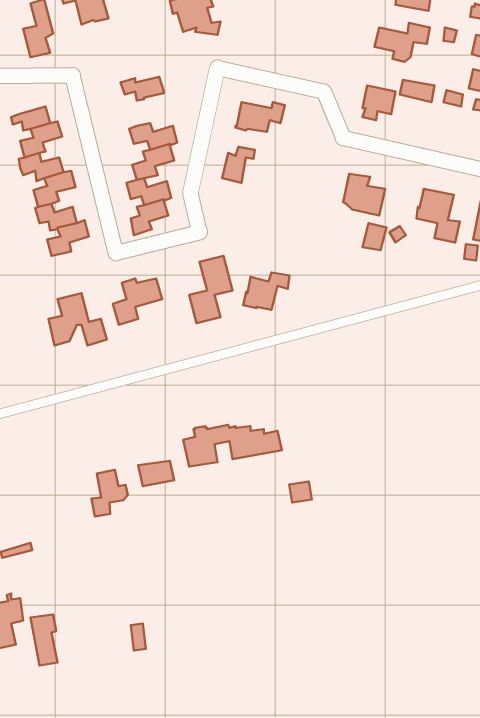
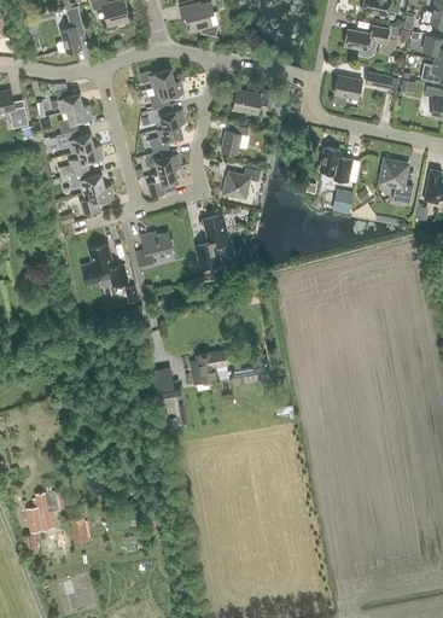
building: none -> [148,80,183,109]
building: [243,272,289,310] -> [222,168,260,198]
building: [91,470,128,516] -> none

